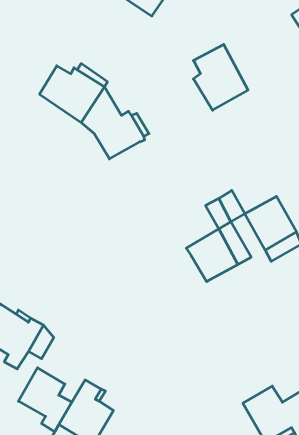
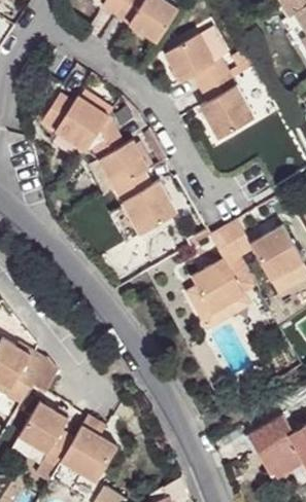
building: none -> [163,35,229,88]
building: none -> [112,171,176,235]
building: none -> [185,287,250,329]

